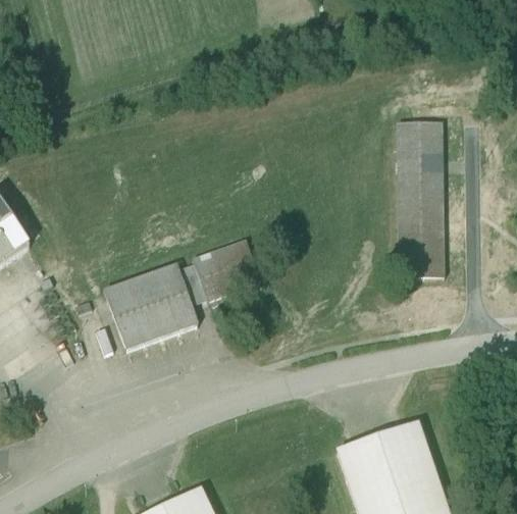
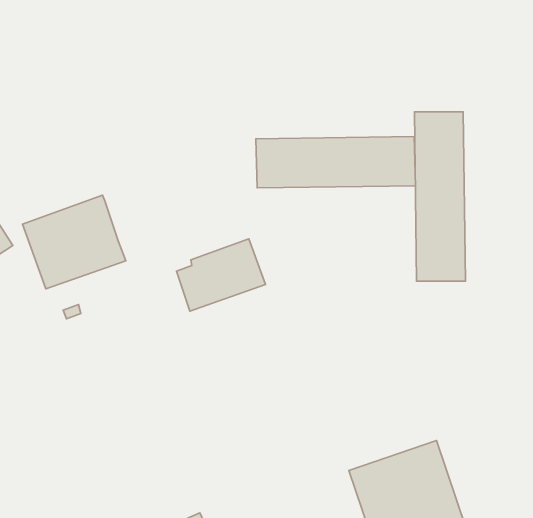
building: none -> [256,137,415,188]
building: [104,263,199,349] -> [23,195,126,289]

